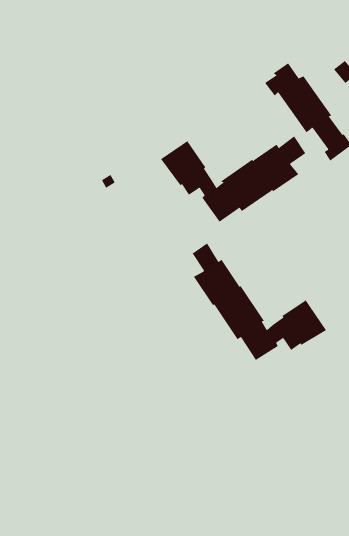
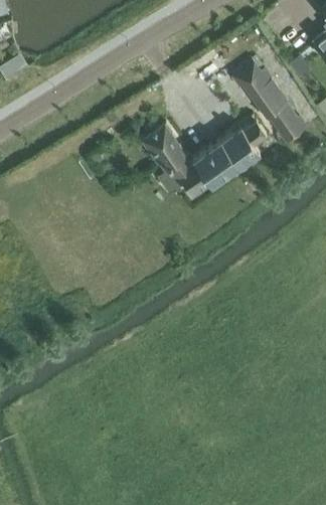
building: [192,243,327,361] -> none

